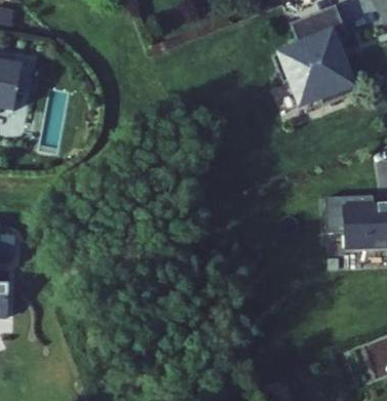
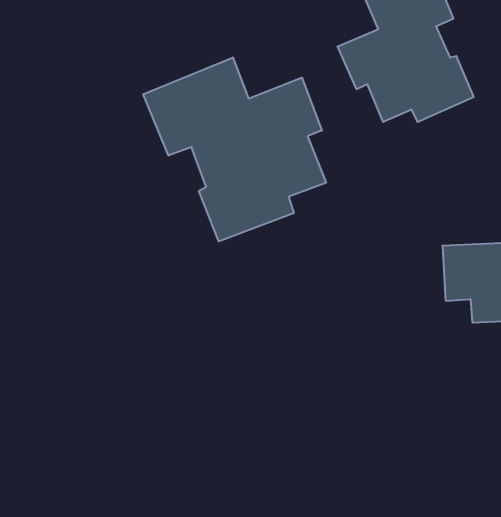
building: none -> [143,57,326,241]

